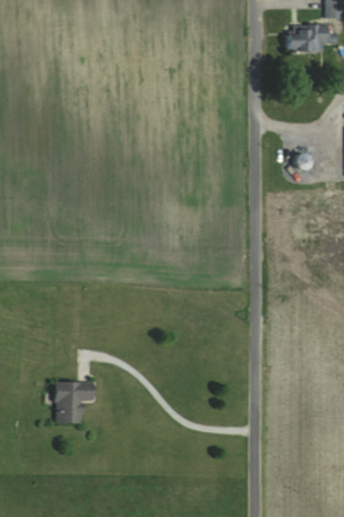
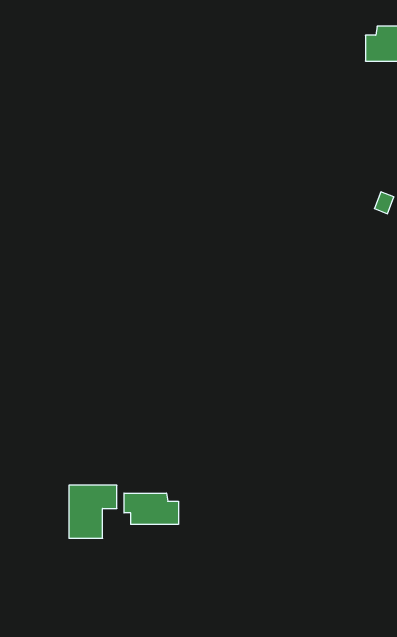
building: none -> [124,493,178,524]

